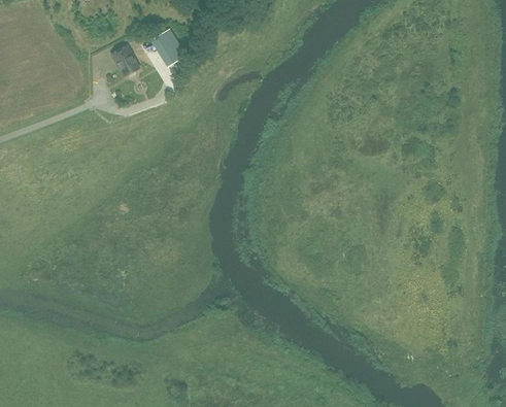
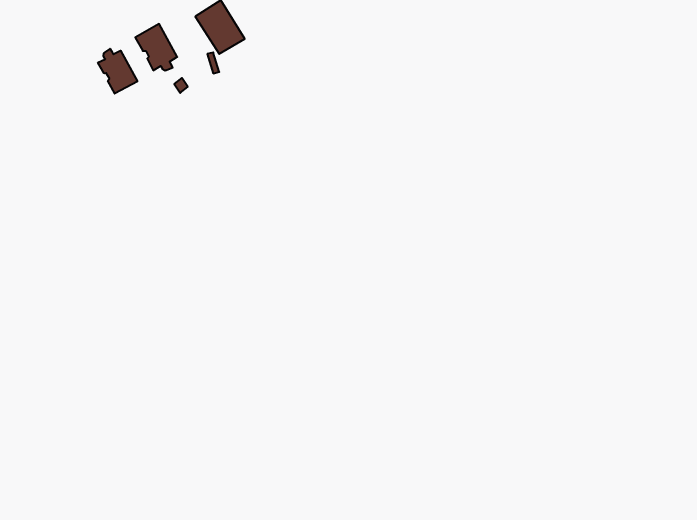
building: none -> [98,49,137,94]

